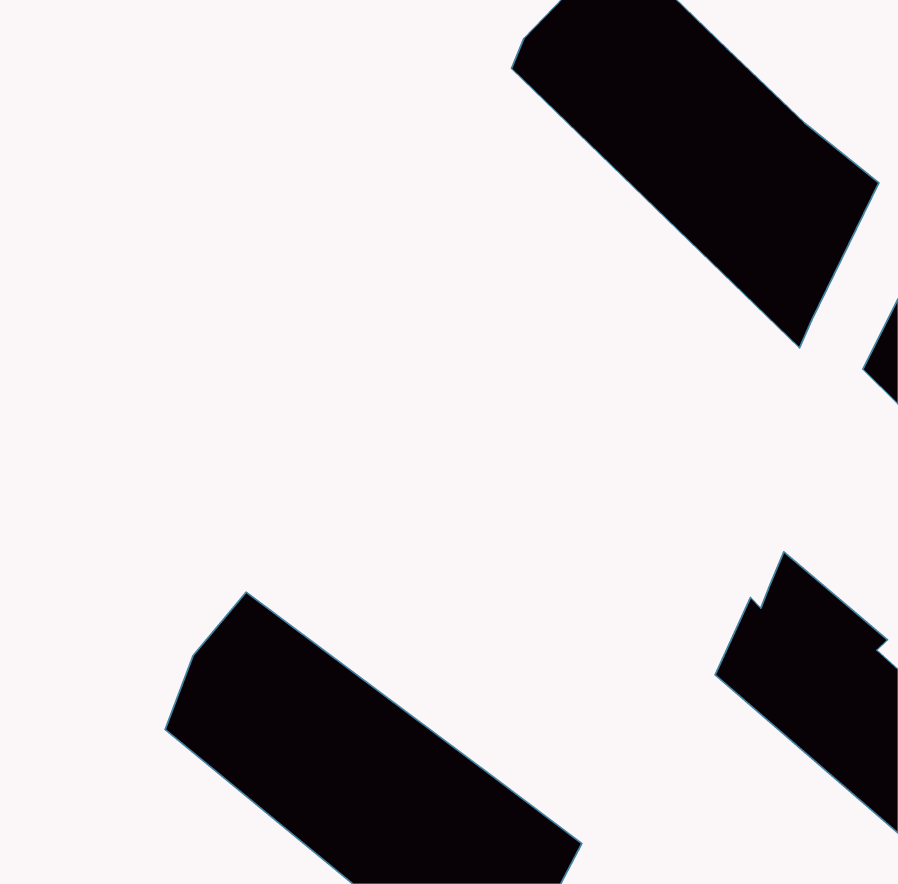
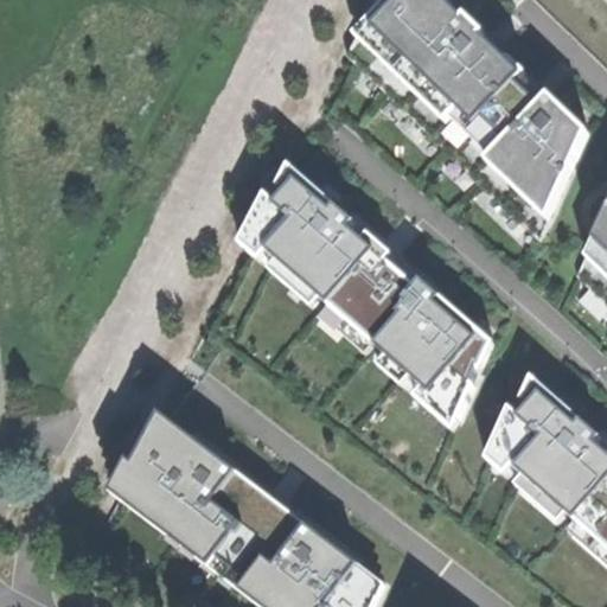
building: none -> [234,155,496,429]

